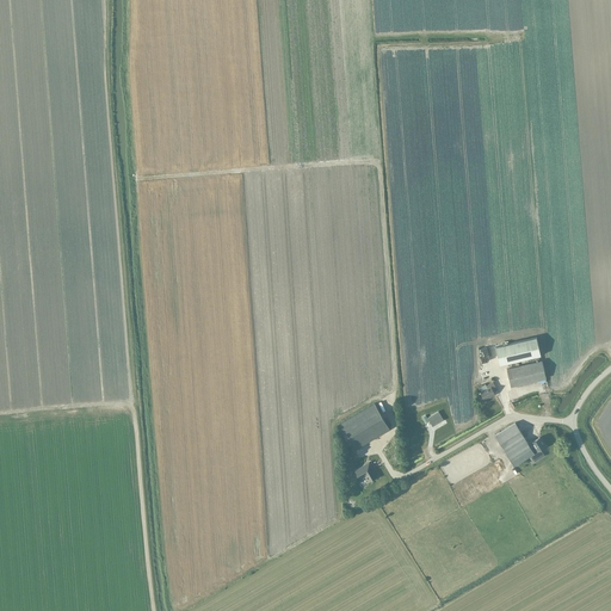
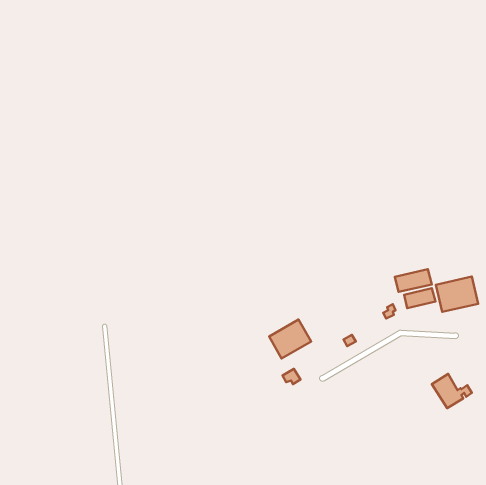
building: none -> [436,277,478,312]
building: [495,424,545,467] -> [432,374,472,408]

